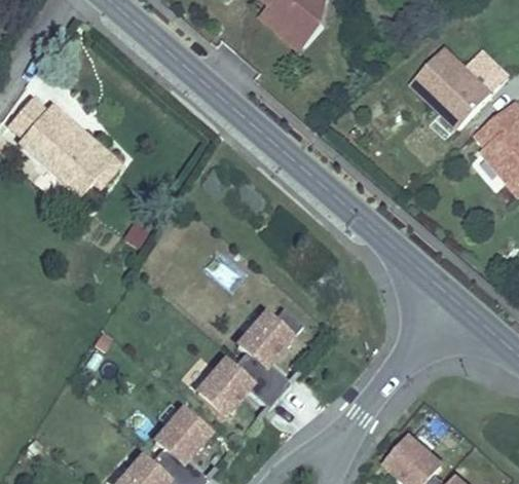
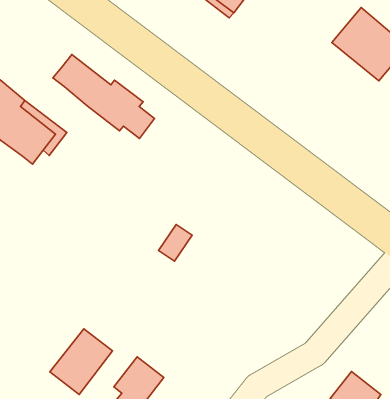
building: none -> [53,54,154,138]
building: [196,306,302,413] -> none
building: none -> [50,329,113,395]

